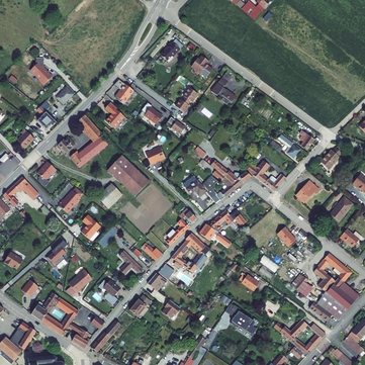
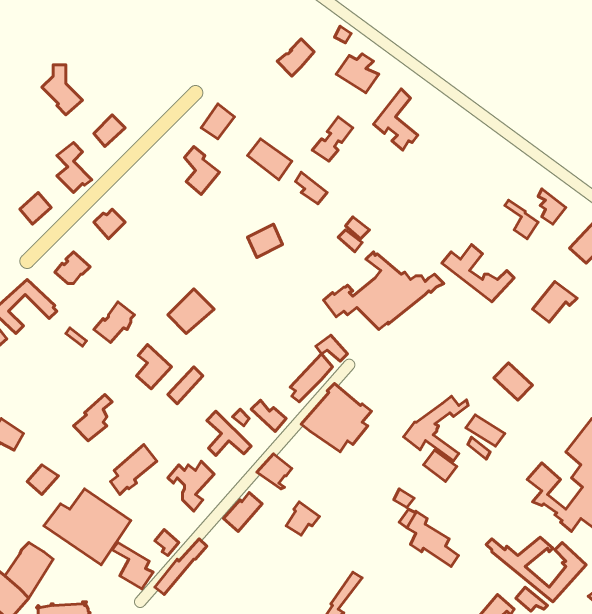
building: [70,116,110,167] -> none
building: [109,157,150,196] -> none
building: [200,210,236,246] -> [403,396,468,461]

